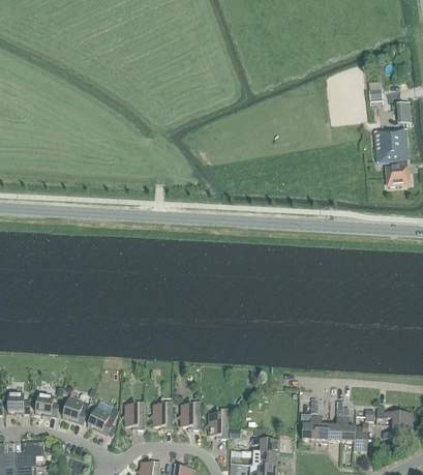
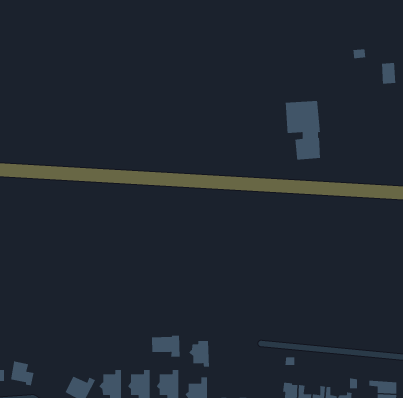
building: [374,128,410,187] -> [285,100,321,161]
building: none -> [151,335,181,357]
building: none -> [188,340,210,368]
building: [62,397,89,424] -> none

